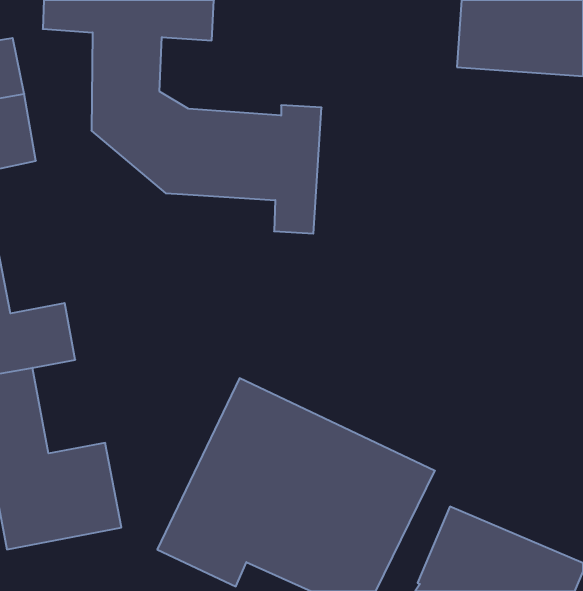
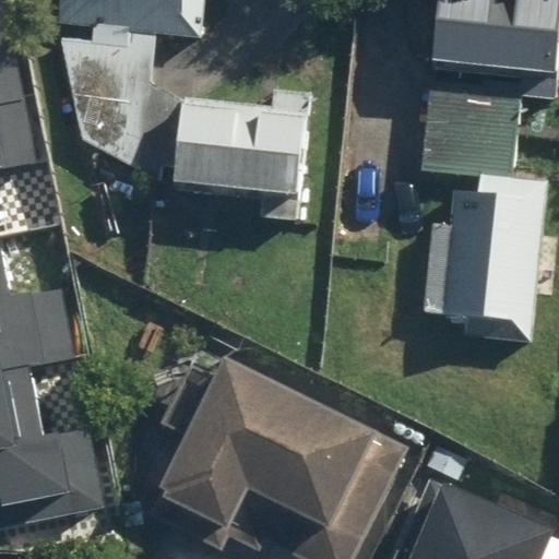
building: none -> [423,85,537,316]

